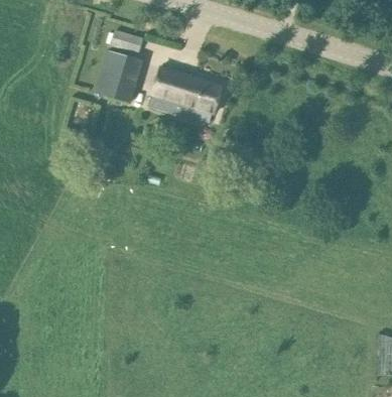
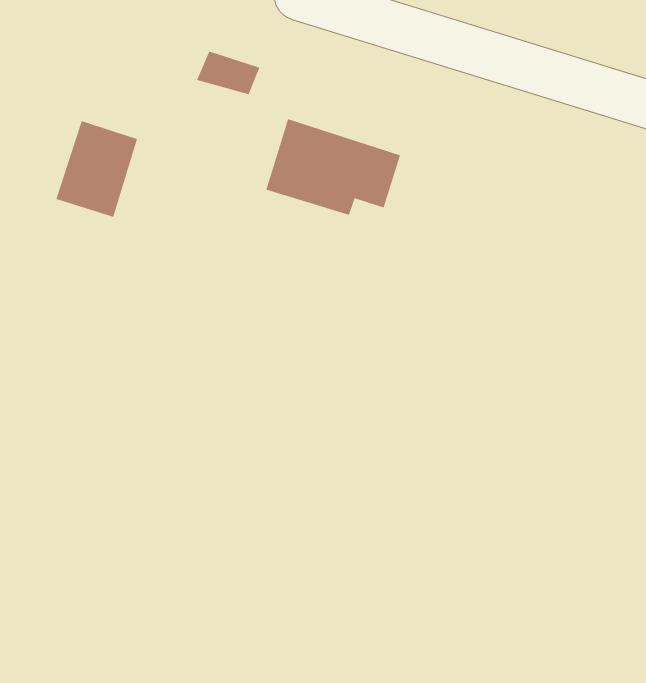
building: [92,53,137,107] -> [55,121,138,217]

